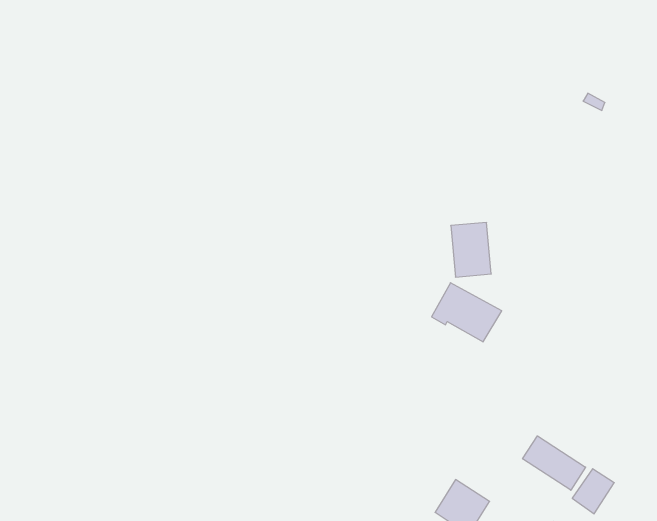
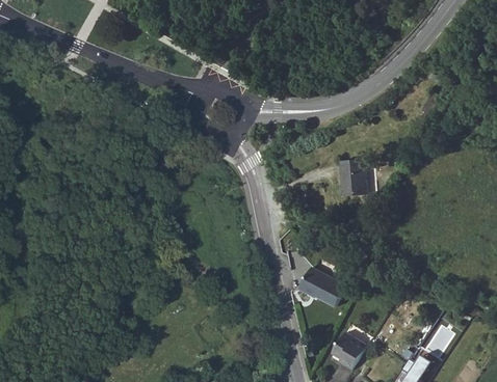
building: [432,283,502,342] -> [300,267,347,306]
building: [523,436,586,490] -> none

